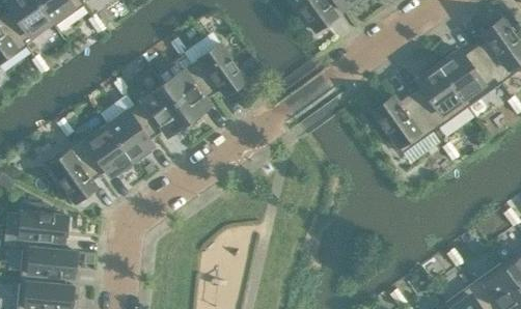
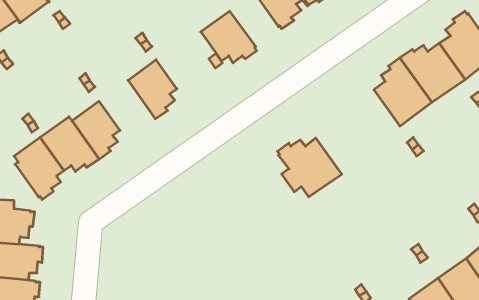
building: [192,43,248,94] -> [201,11,257,63]
building: [135,84,191,135] -> none
building: [372,93,436,152] -> [277,138,342,197]

